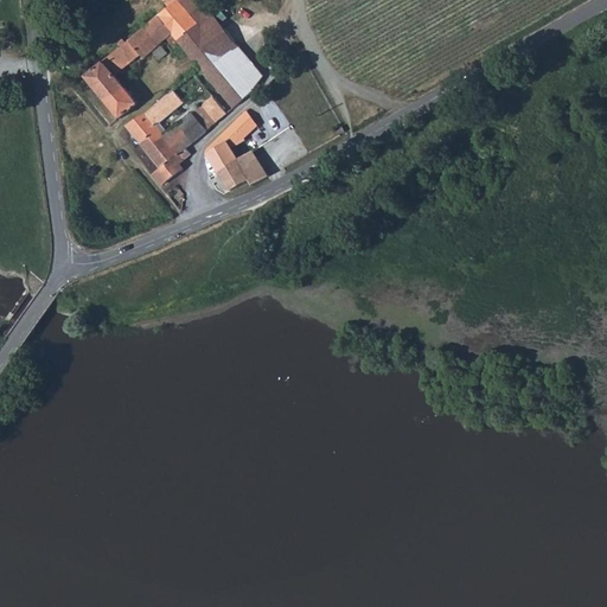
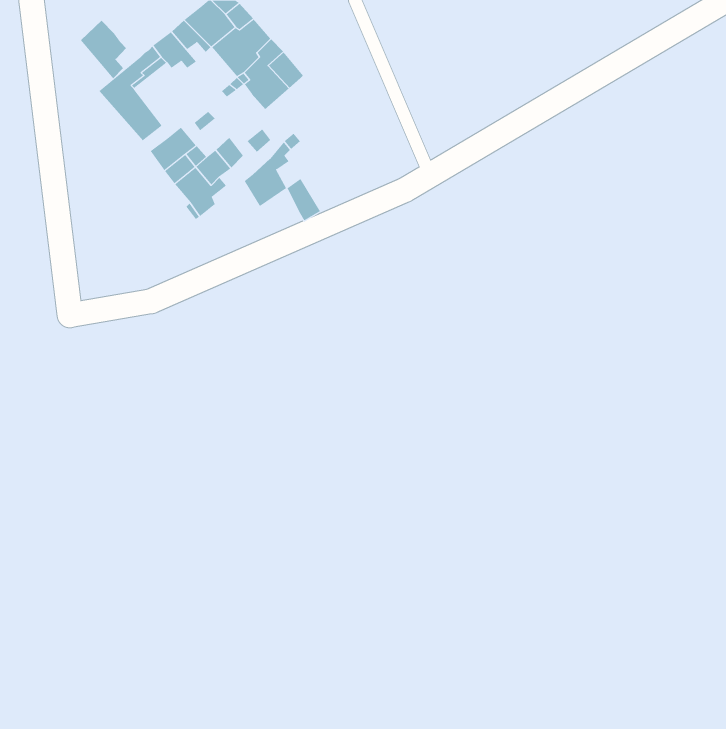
building: none -> [80,20,127,79]
building: [221,65,258,104] -> none
building: [216,156,249,190] -> none

